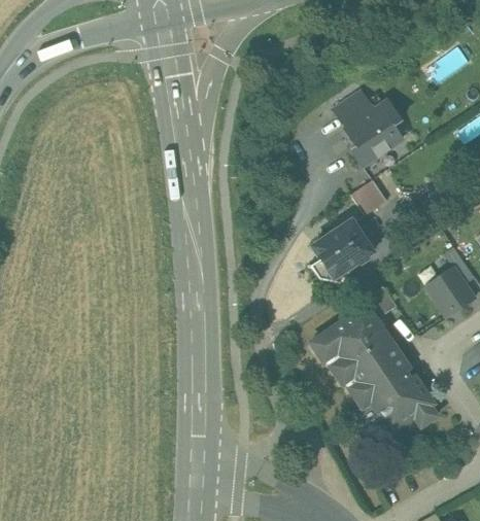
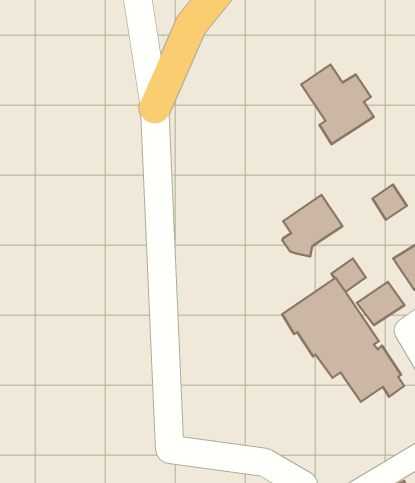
building: [351,179,386,215] -> [373,184,407,220]
building: none -> [357,282,405,325]

